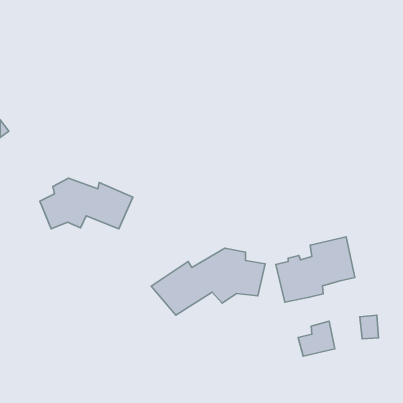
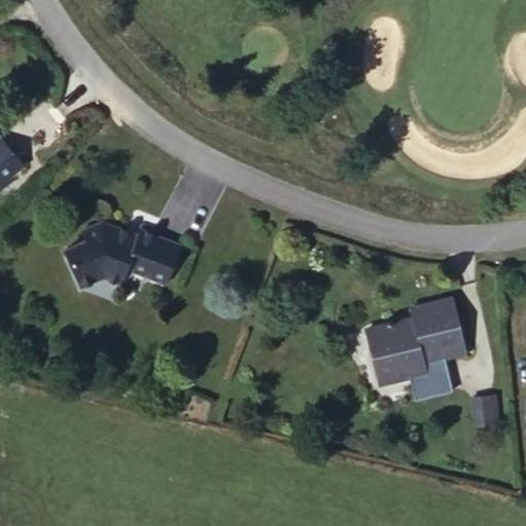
building: [151,248,265,315] -> none
building: [298,321,335,356] -> [407,354,453,399]

